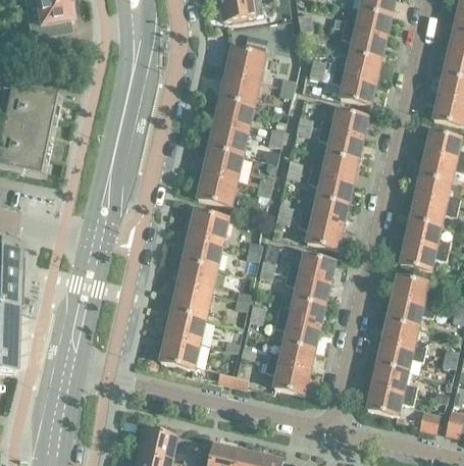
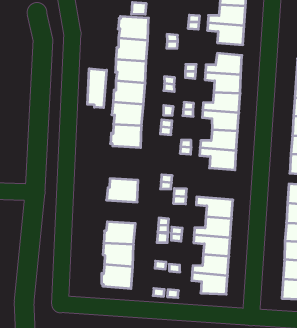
building: none -> [87,69,107,108]
building: [190,209,228,242] -> none
building: [288,253,334,282] -> none
building: [178,259,217,292] -> none

